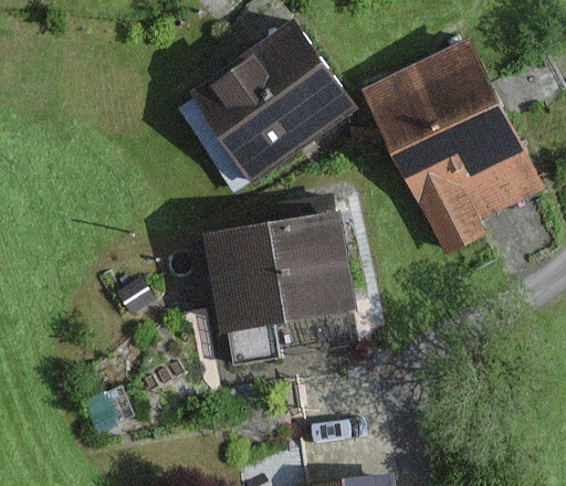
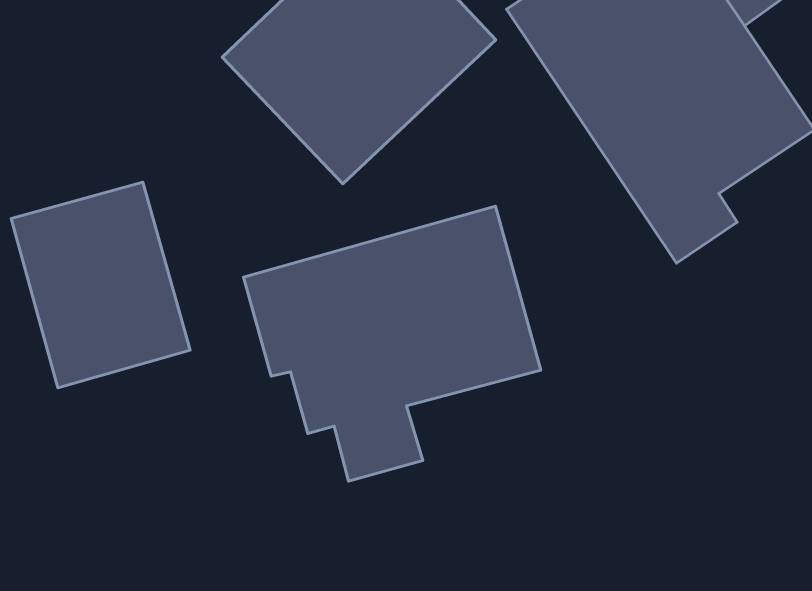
building: none -> [11,182,190,388]

